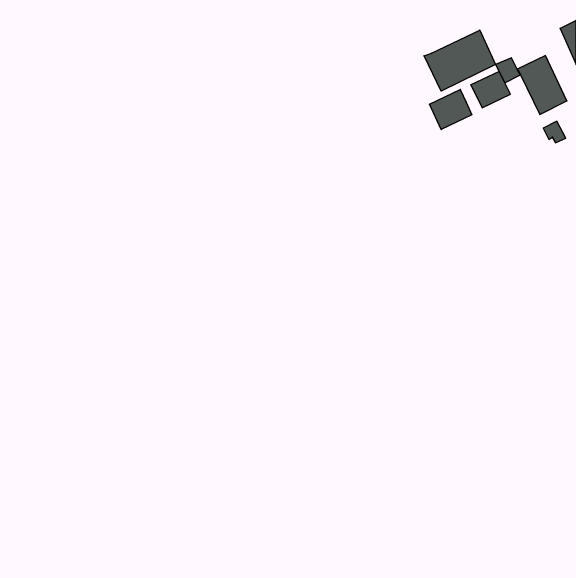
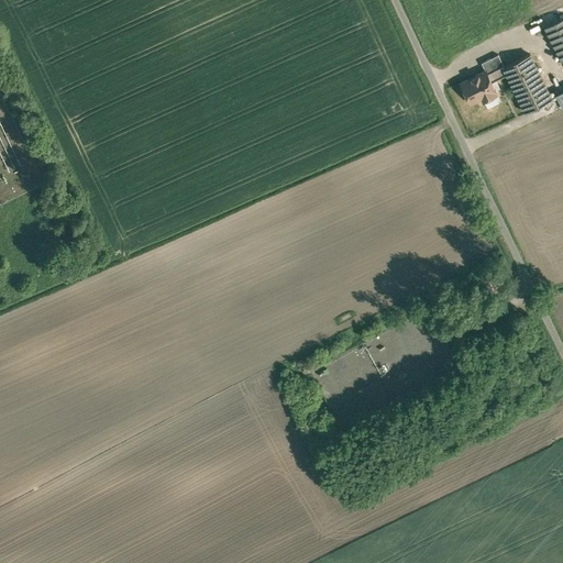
building: [424,30,496,91] -> none
building: [430,89,472,130] -> none

